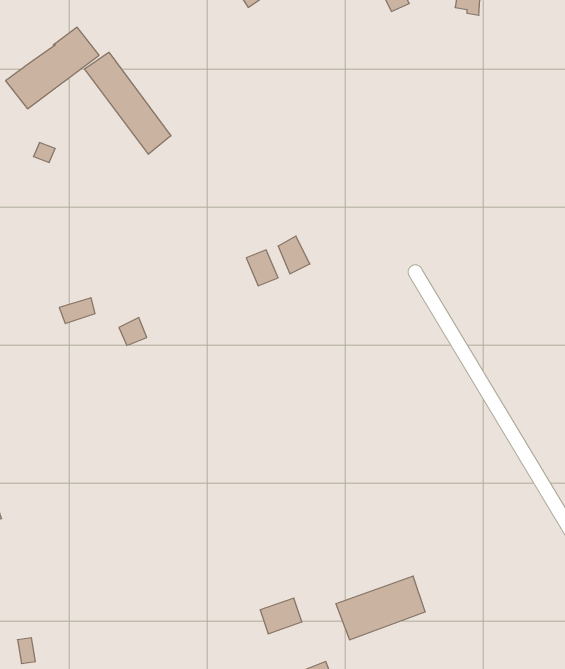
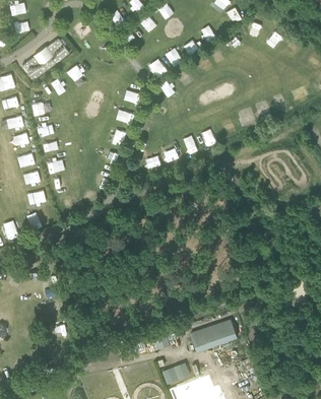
building: [84,52,171,154] -> none

